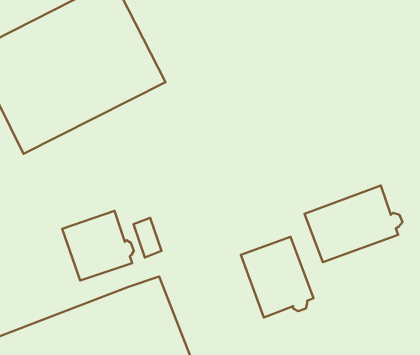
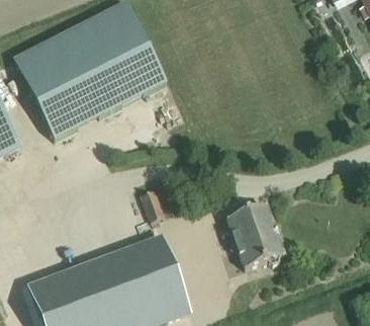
building: [305,186,402,262] -> none
building: [62,211,134,281] -> none

